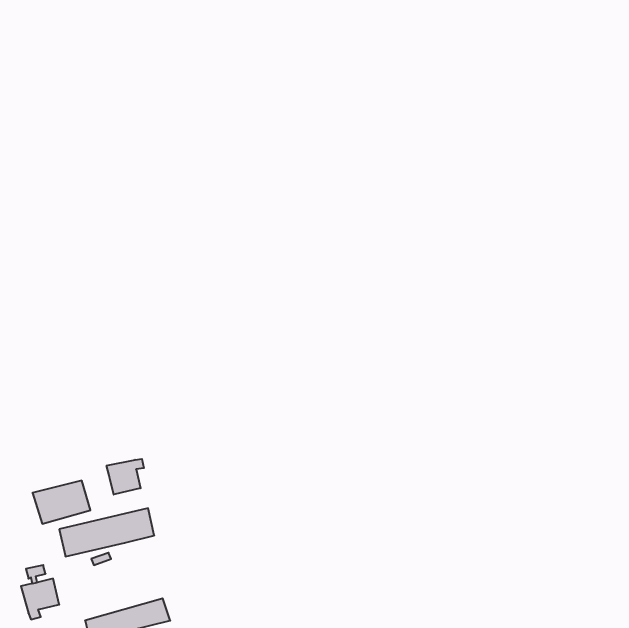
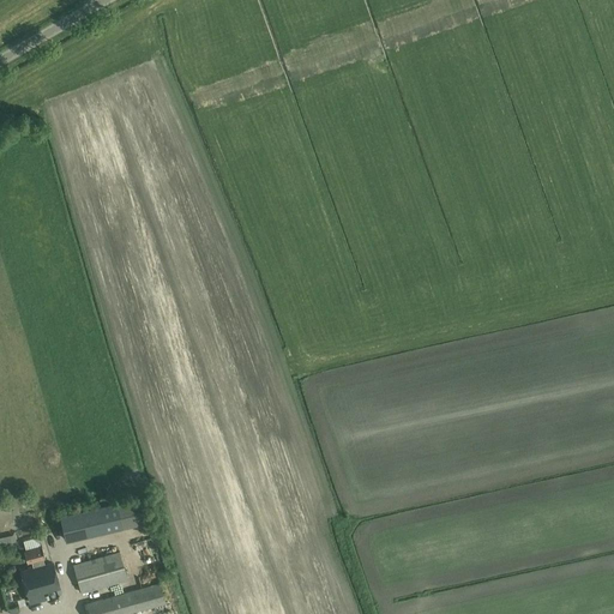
building: [107,459,144,495] -> none
building: [32,481,90,524] -> [71,554,127,596]

